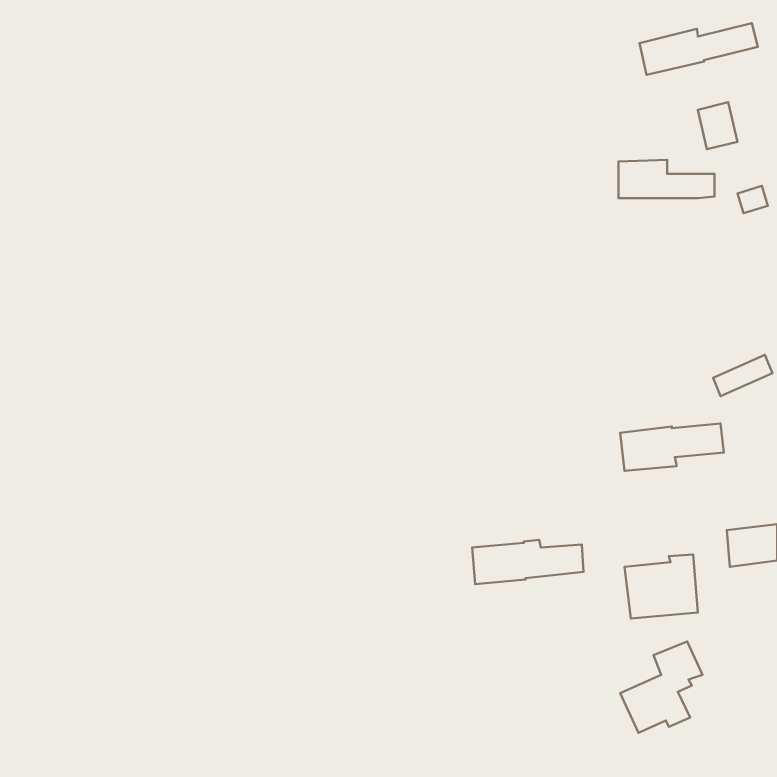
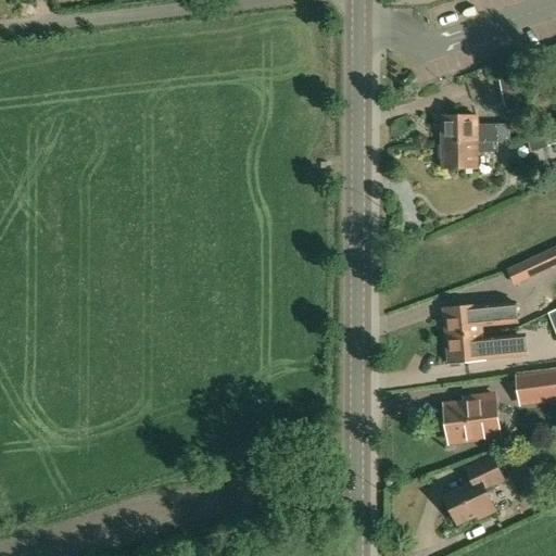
building: [639,23,758,75] -> none
building: none -> [441,141,498,168]
building: [472,540,583,584] -> [445,330,525,362]

